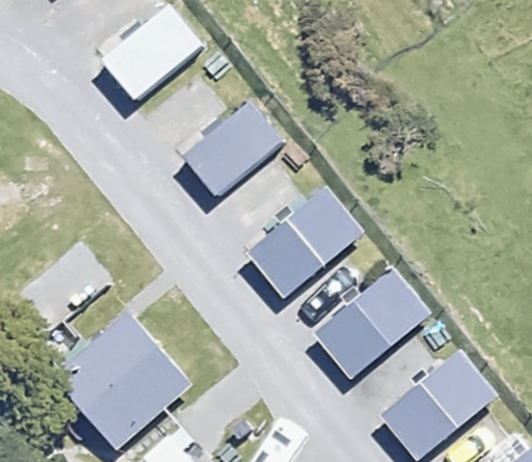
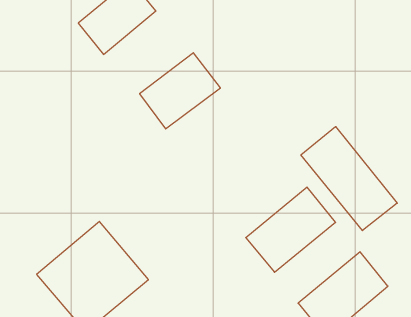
building: [247,189,362,297] -> none
building: none -> [301,127,397,231]

